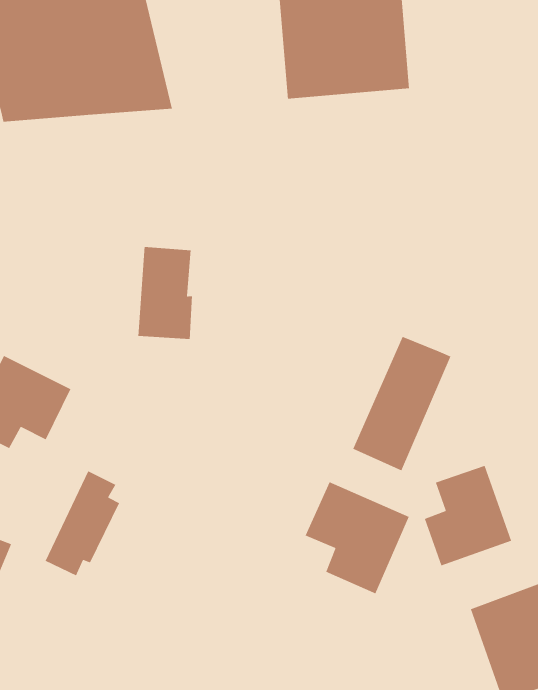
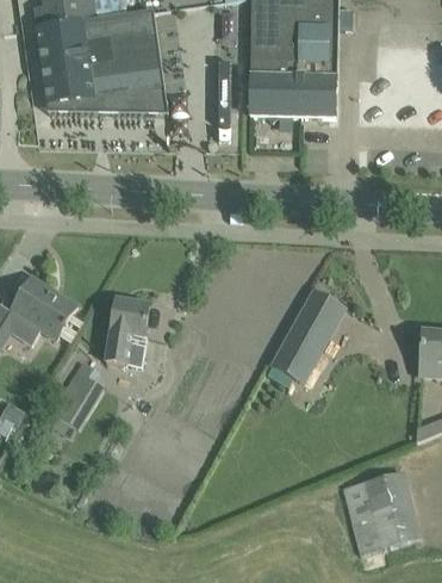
building: [137,246,193,340] -> [104,297,148,366]
building: [424,465,512,567] -> none
building: [305,481,410,595] -> none

